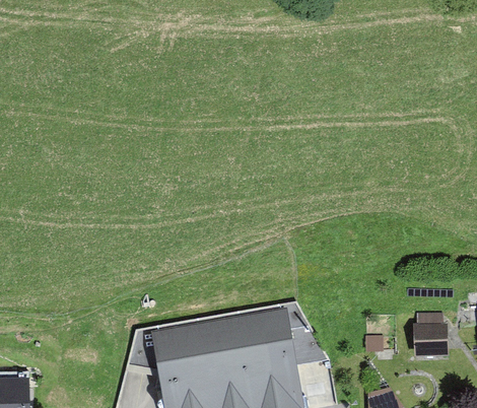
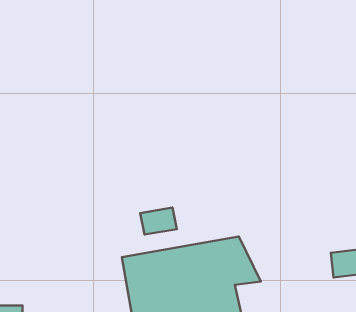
building: none -> [140,208,177,235]

